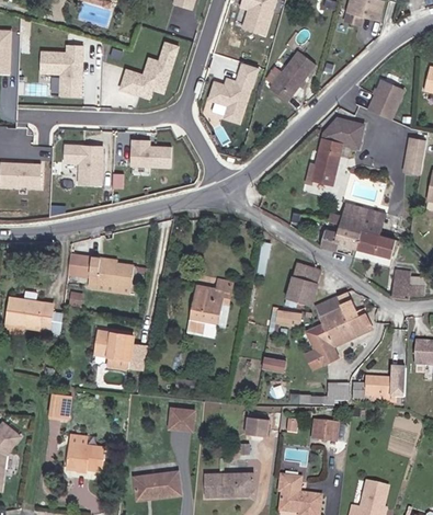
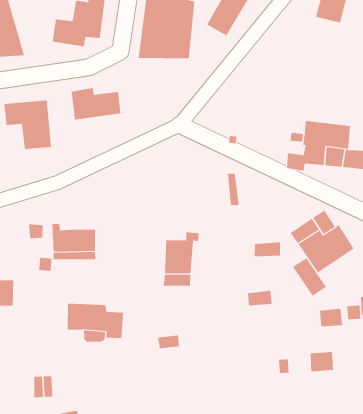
building: [307,116,364,183] -> none
building: [284,261,318,306] -> none
building: [166,410,190,433] -> none
building: [244,412,274,432] -> none

